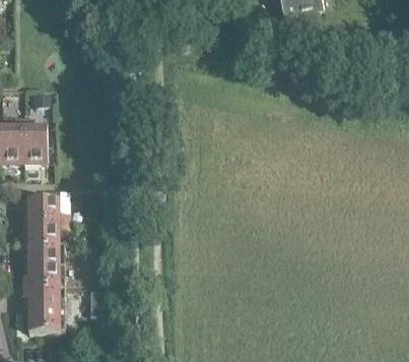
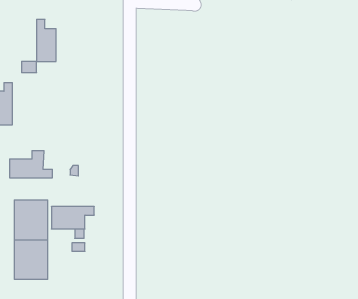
building: [24,116,46,162] -> [37,19,56,61]
building: [21,220,68,244] -> [51,207,94,229]

